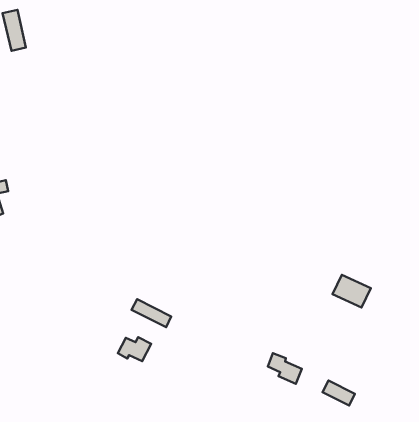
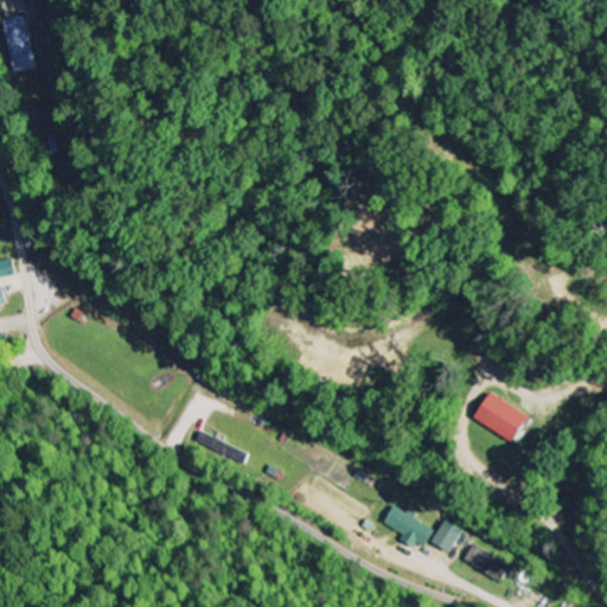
building: [118,337,151,361] -> none
building: none -> [428,518,459,550]

